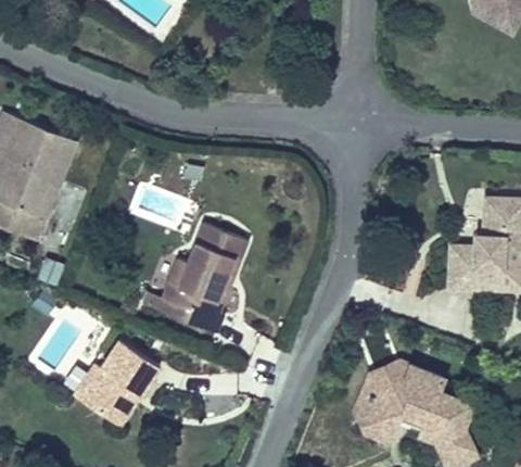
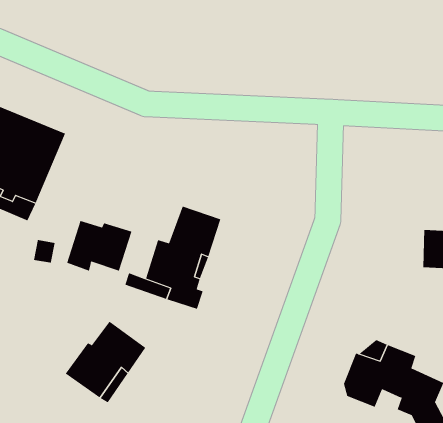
building: none -> [67,220,132,272]
building: [356,370,401,443] -> none

